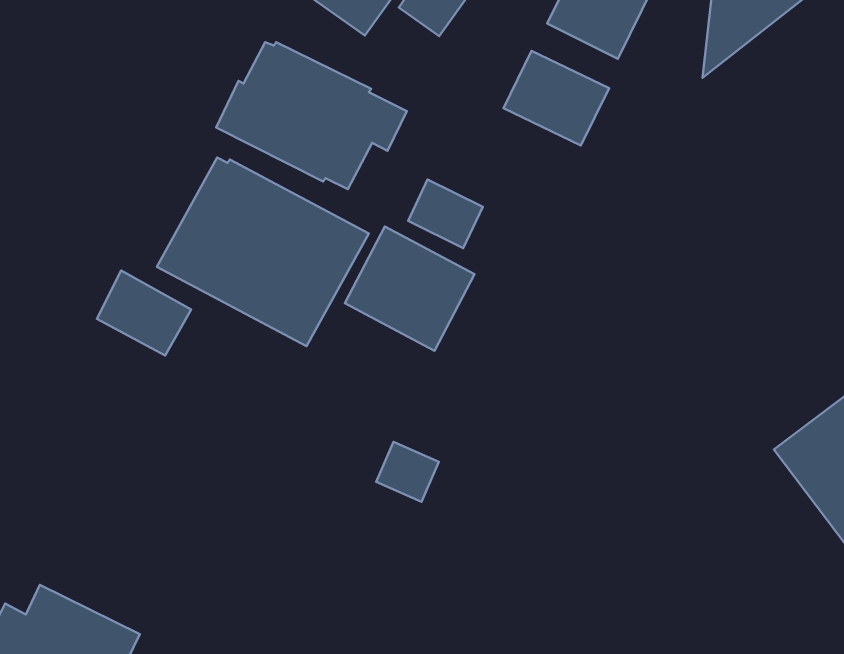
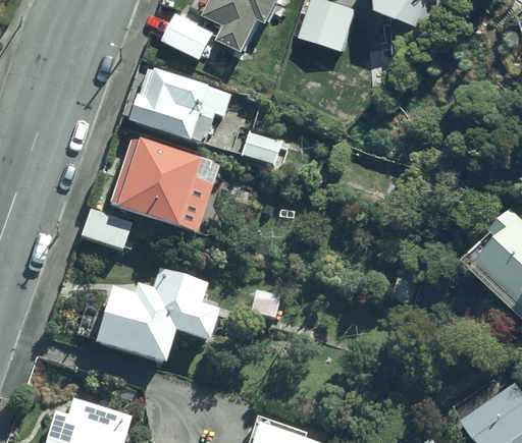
building: [503,51,609,146] -> none
building: [345,227,475,351] -> none
building: none -> [93,266,218,359]

